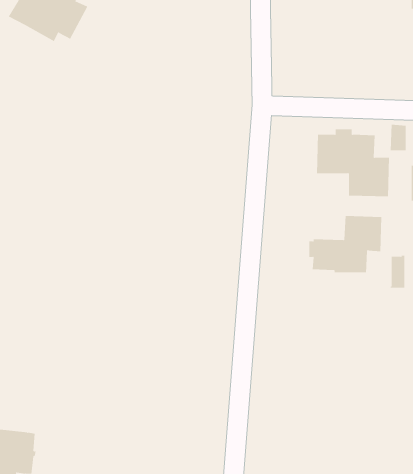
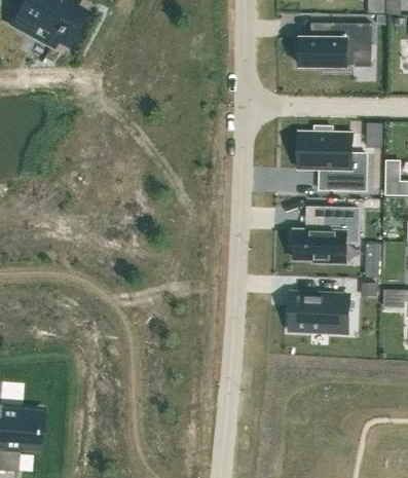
building: none -> [295,23,371,70]
building: none -> [290,293,343,331]

